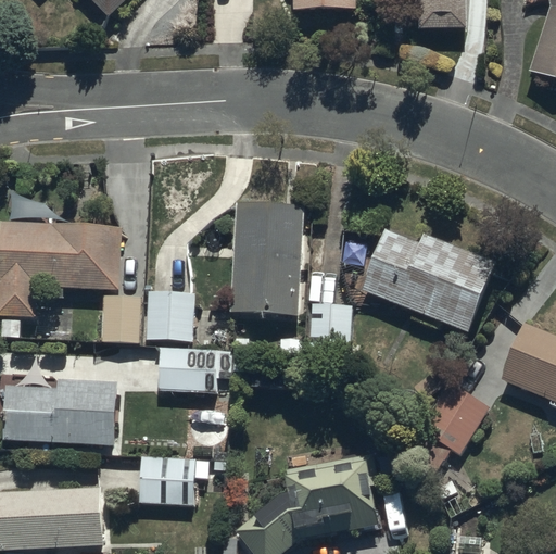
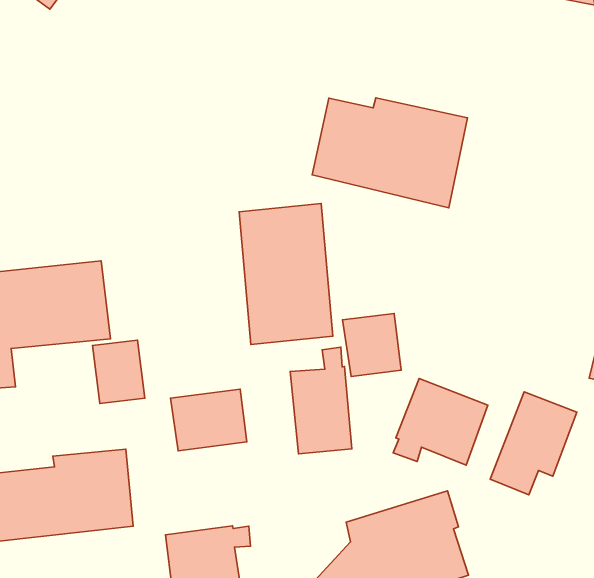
building: [363,230,495,333] -> [312,98,467,208]
building: [144,289,194,339] -> none
building: none -> [290,347,352,454]
building: none -> [393,378,488,465]

